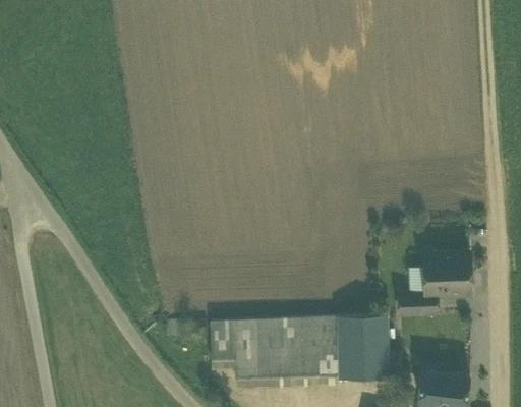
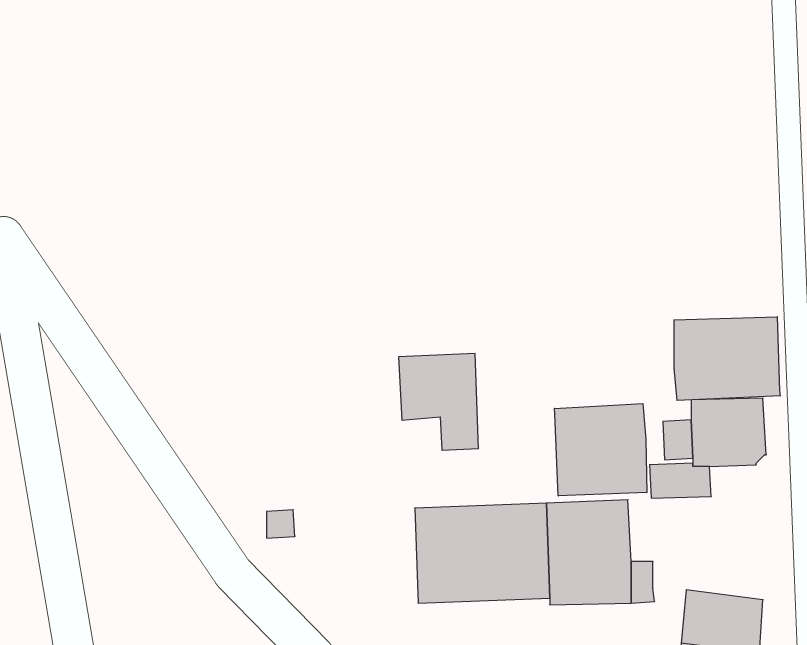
building: none -> [674,317,780,400]
building: none -> [554,404,647,496]
building: [209,321,257,380] -> [399,354,478,450]

